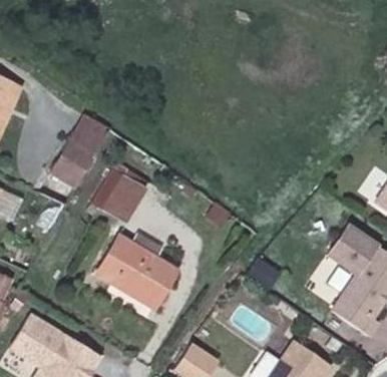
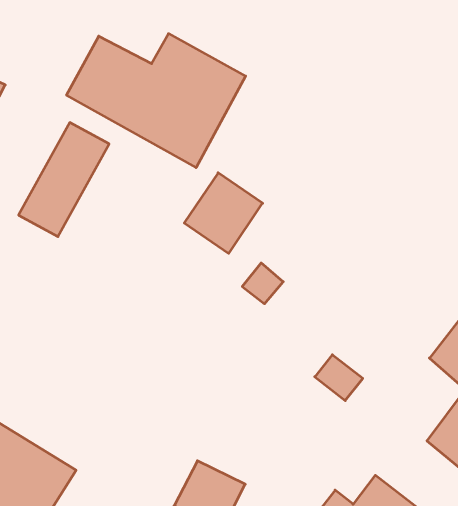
building: none -> [67,34,246,168]
building: [84,161,137,217] -> [184,173,263,253]
building: [108,250,184,317] -> none

